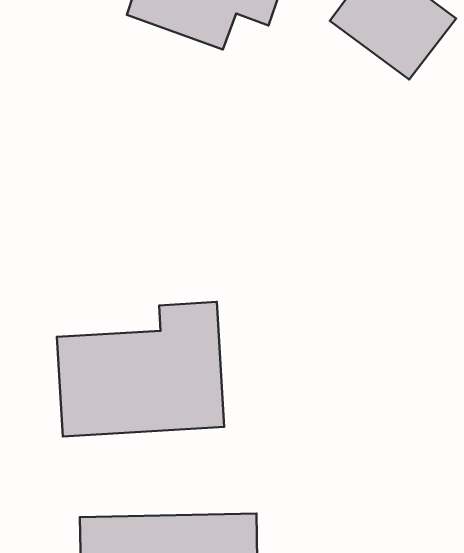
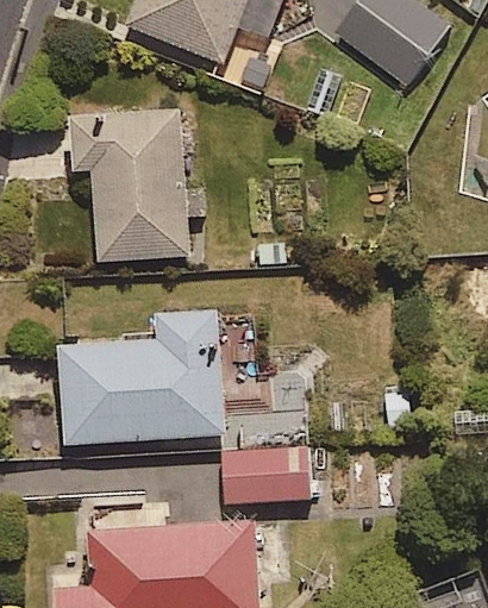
building: none -> [70,111,206,258]
building: none -> [223,449,311,506]

